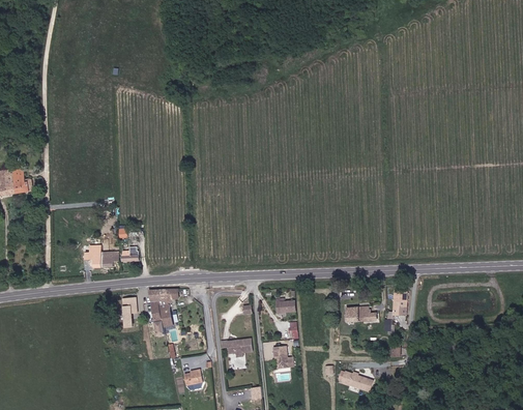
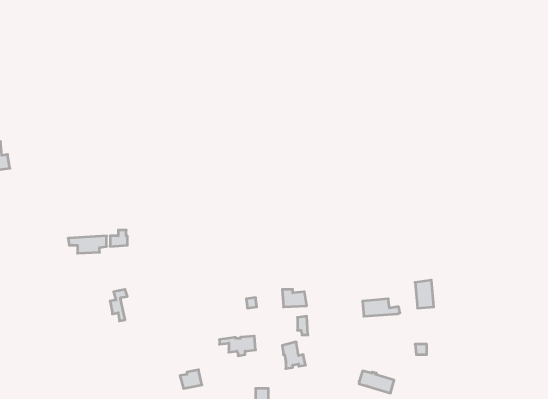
building: [147,289,178,338] -> none

